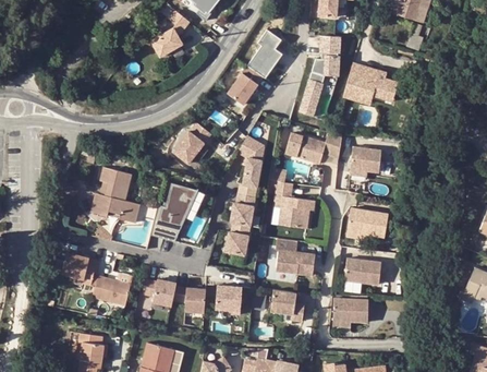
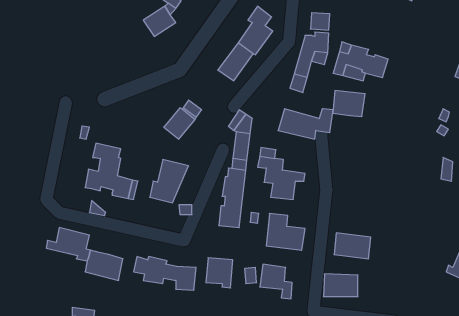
building: [351,147,383,173] -> [333,91,365,116]
building: [150,204,181,241] -> none
building: [348,207,389,236] -> none

